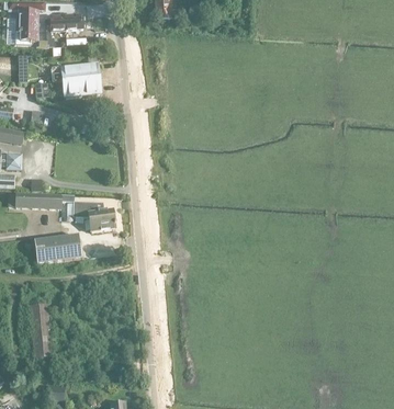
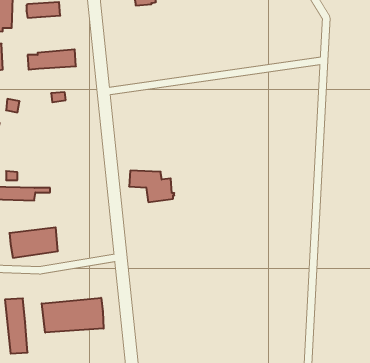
building: [61,78,100,96] -> none
building: [71,201,115,231] -> [129,171,174,202]
building: none -> [42,298,104,333]

